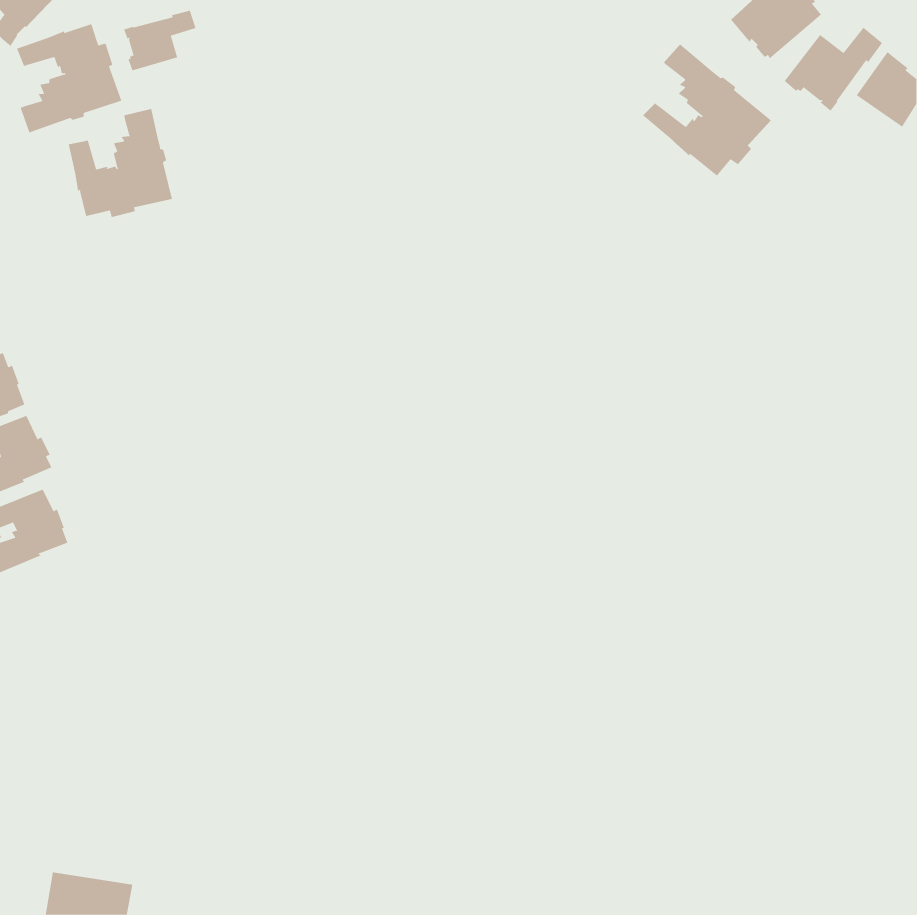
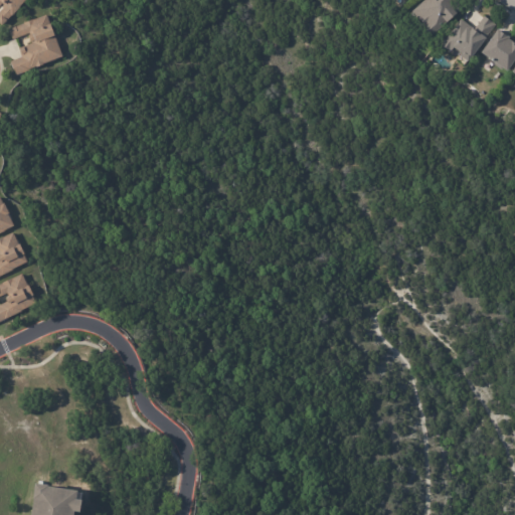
building: [124,10,196,71] -> none
building: [642,44,772,176] -> none
building: [68,108,173,218] -> none

